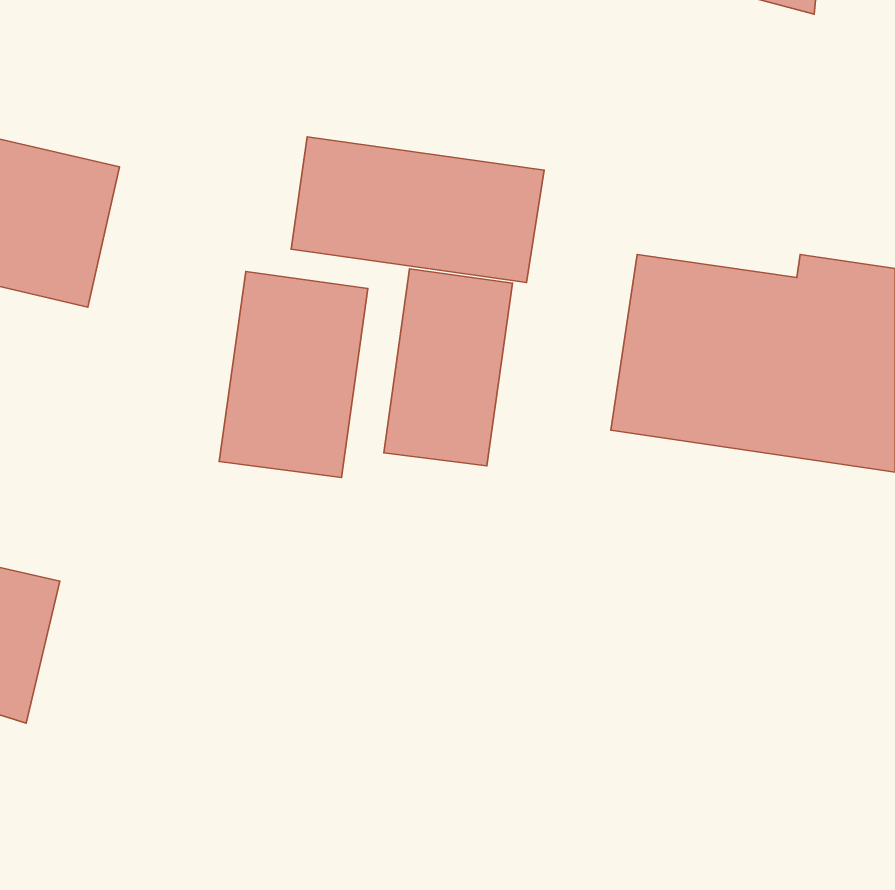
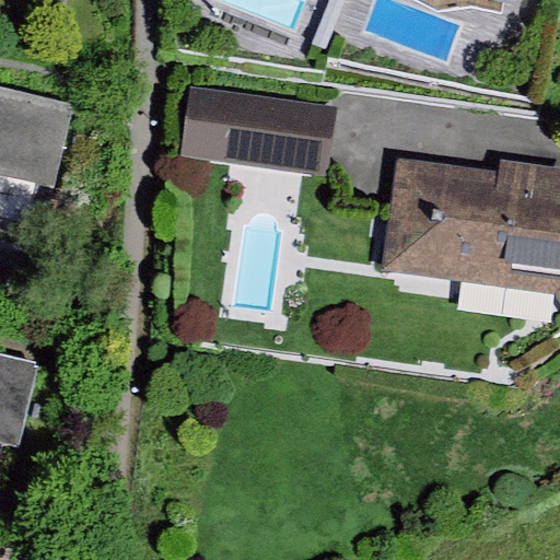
building: [384,269,512,466] -> none
building: [219,271,368,478] -> none

